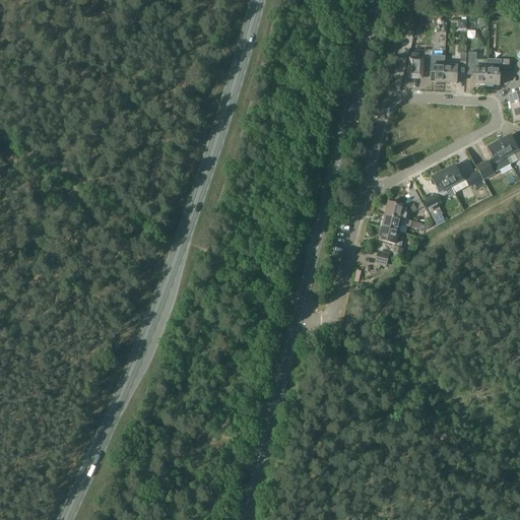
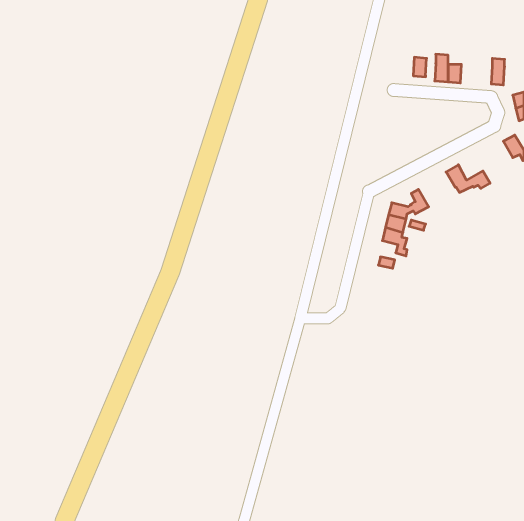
building: [467,51,488,83] -> none
building: [482,140,511,176] -> none
building: [424,171,451,221] -> none

